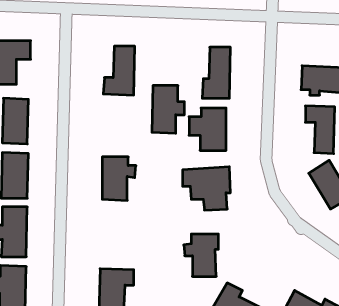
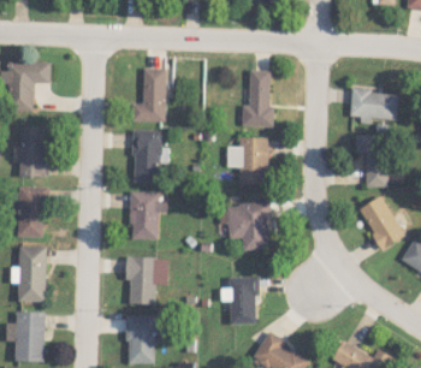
building: [152,86,184,133] -> [132,130,168,183]
building: none -> [125,256,167,304]

